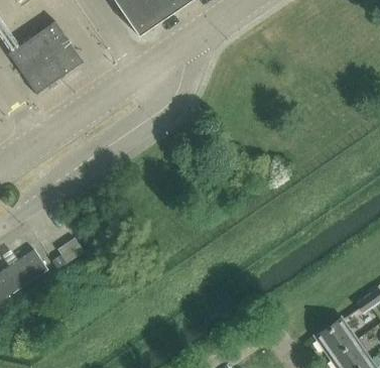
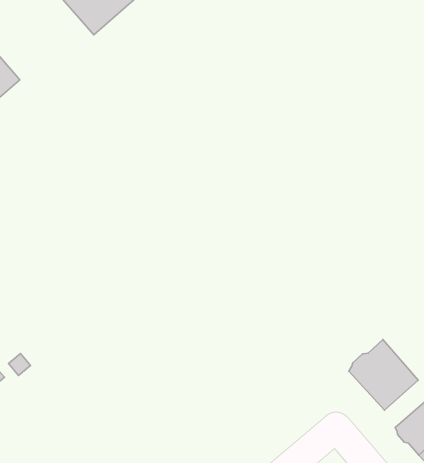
building: none -> [349,339,418,410]

